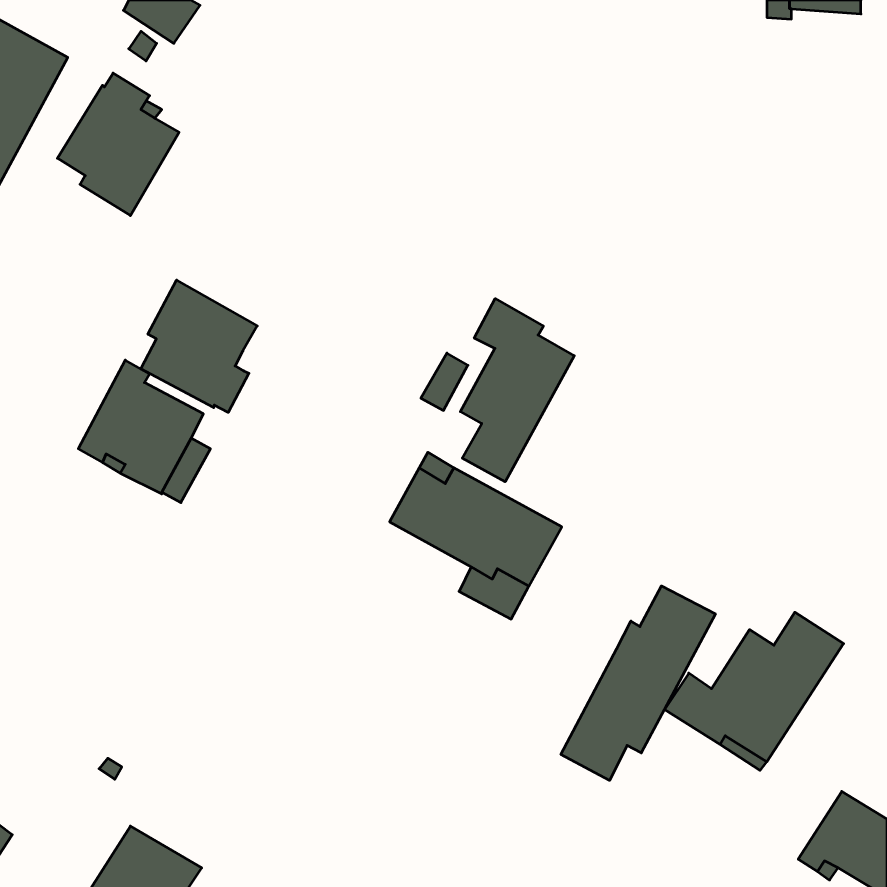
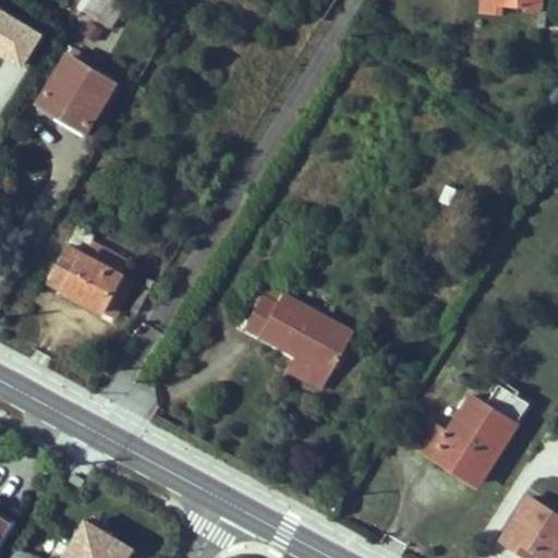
building: [141,280,257,412] -> none
building: [460,299,574,482] -> none
building: [561,586,715,780] -> none

